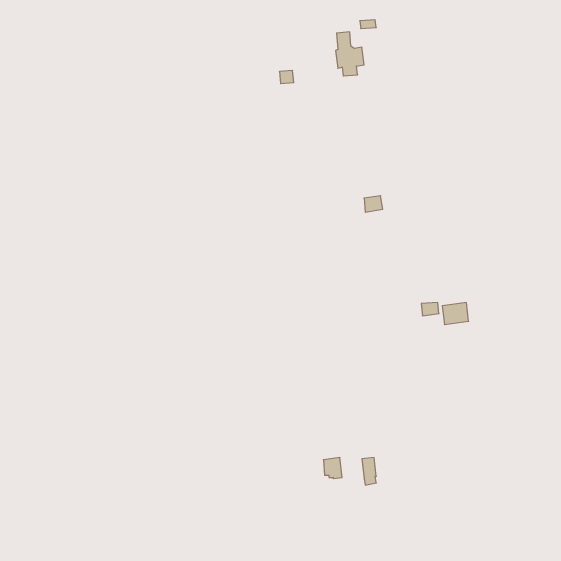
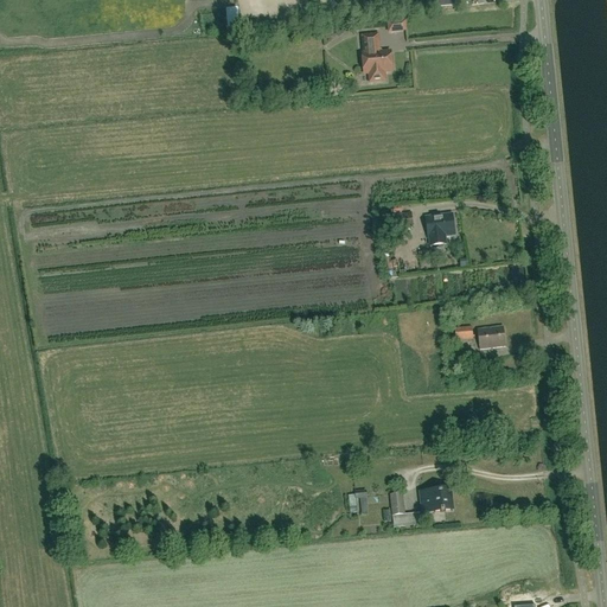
building: none -> [427,213,455,237]
building: none -> [422,490,453,512]

